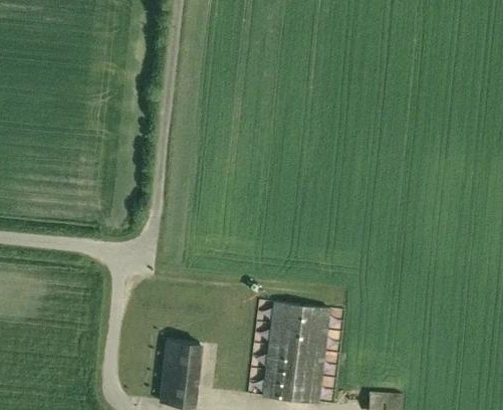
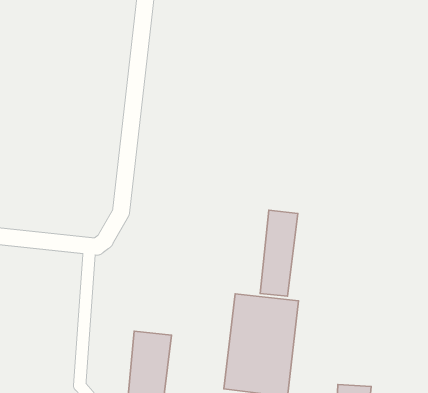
building: none -> [260,210,298,296]

